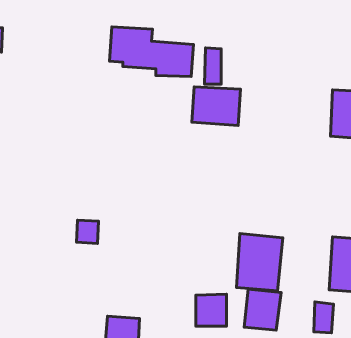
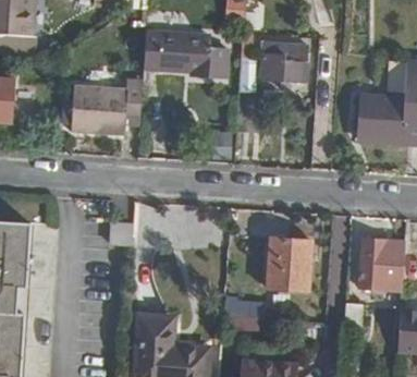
building: none -> [69,77,142,136]
building: [192,87,240,126] -> [262,39,310,77]
building: [244,289,281,330] -> none

